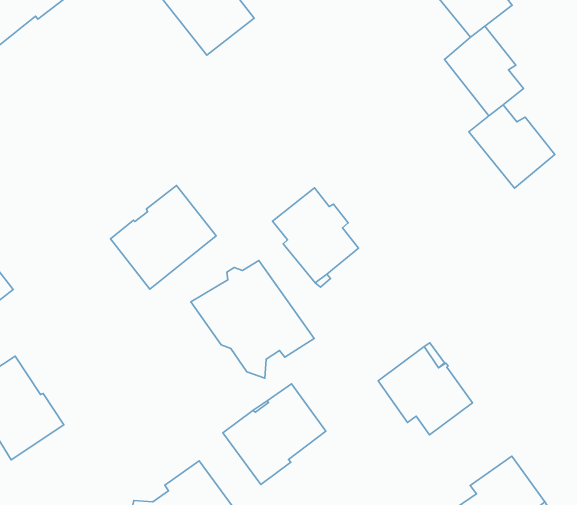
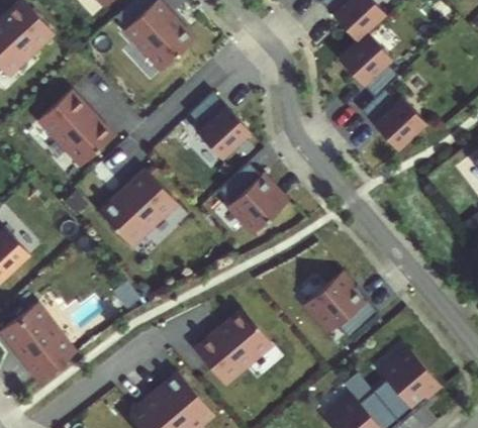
building: none -> [36,88,111,166]
building: none -> [188,90,251,157]
building: [191,260,314,378] -> none

